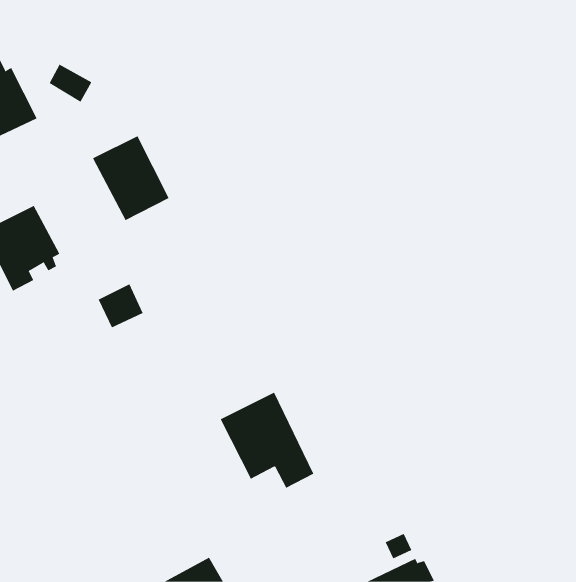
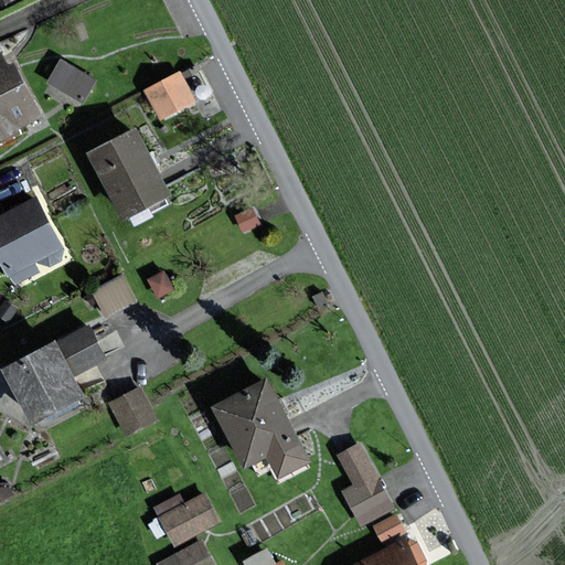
building: none -> [141,66,193,114]
building: none -> [6,328,100,419]
building: none -> [110,390,151,431]
building: none -> [338,447,388,523]
building: none -> [160,492,223,547]

